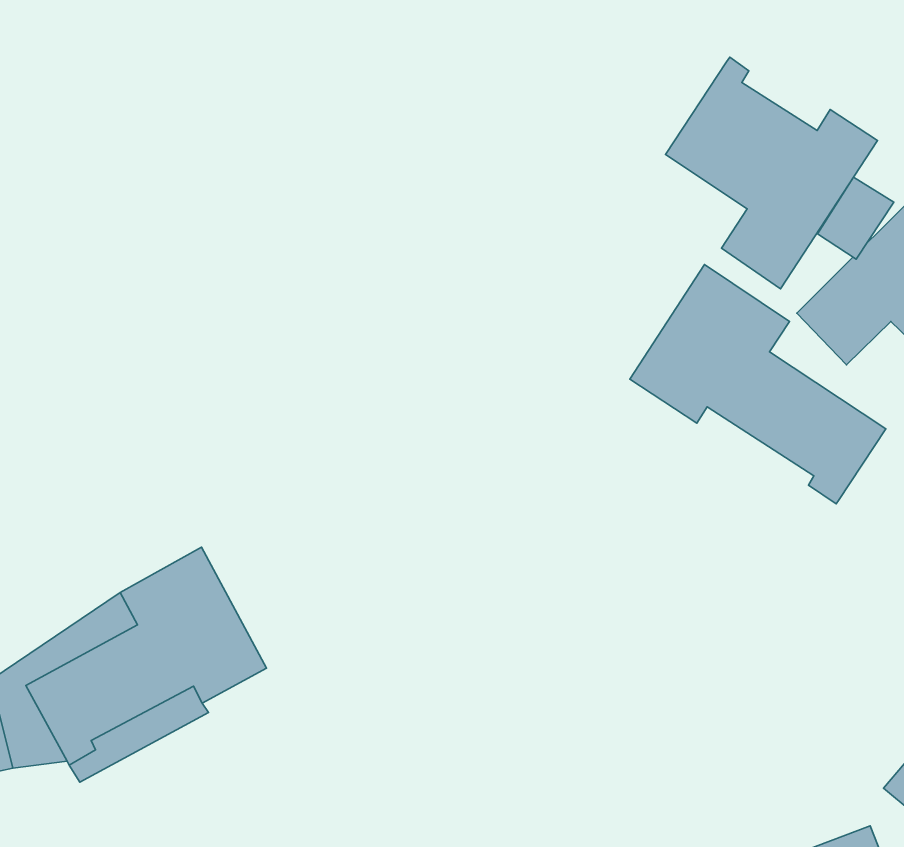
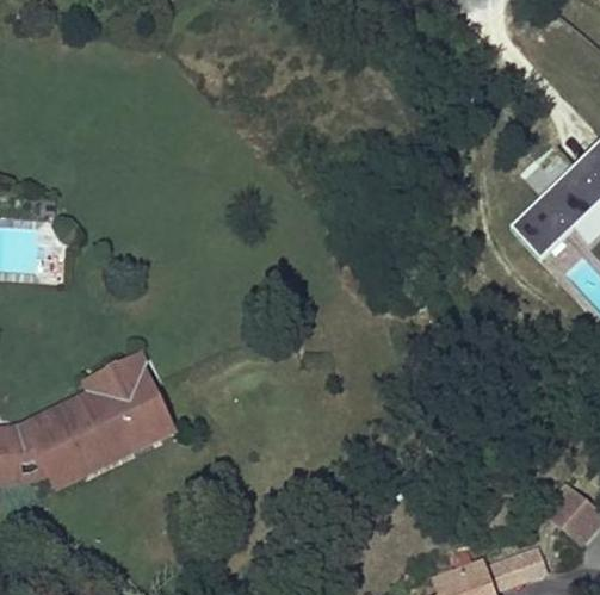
building: [666,57,877,289] -> none
building: [630,264,886,504] -> none

